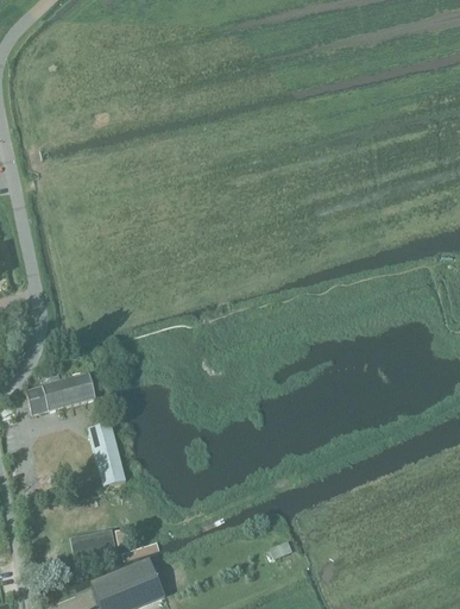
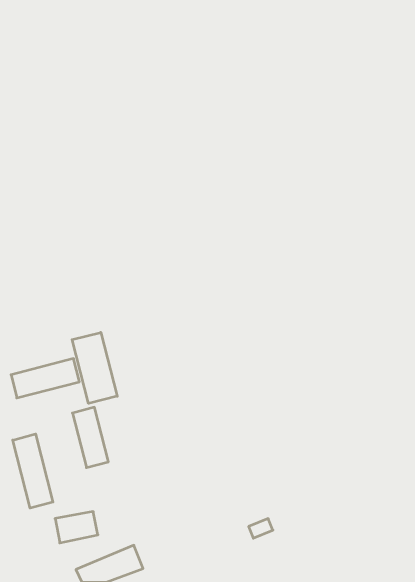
building: none -> [72,332,117,403]
building: none -> [13,434,53,508]

